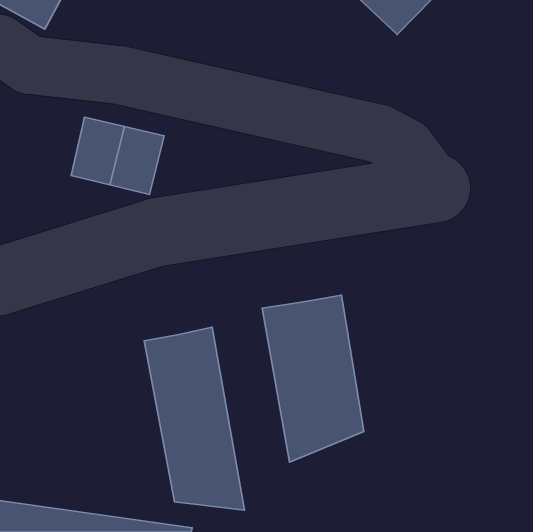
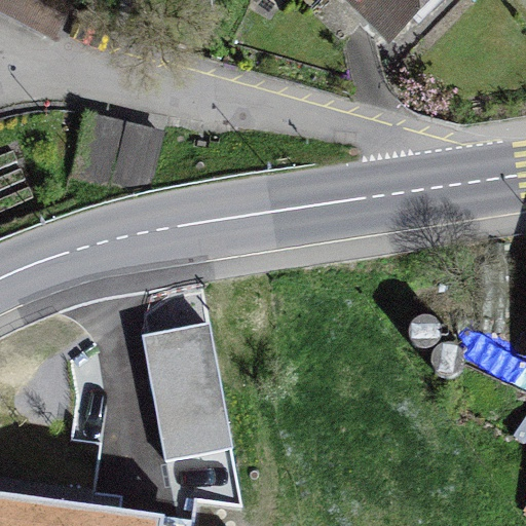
building: [262,295,364,462] -> none

